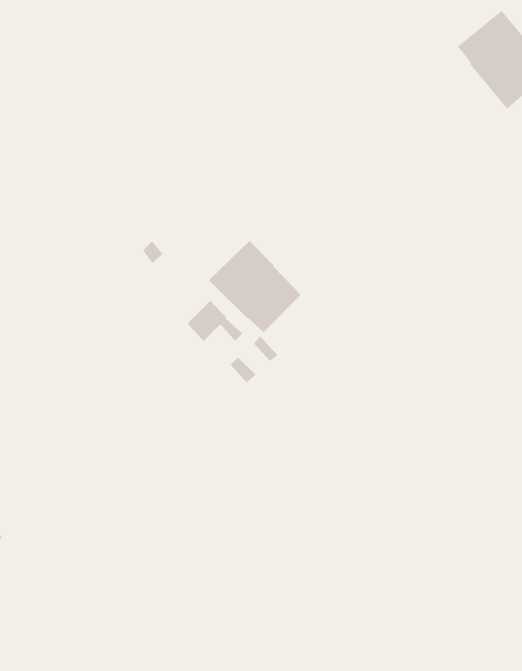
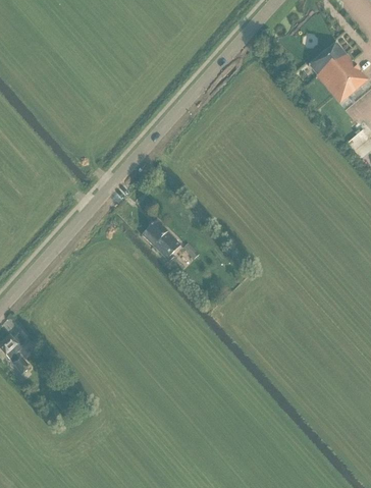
building: [208,240,302,333] -> none

